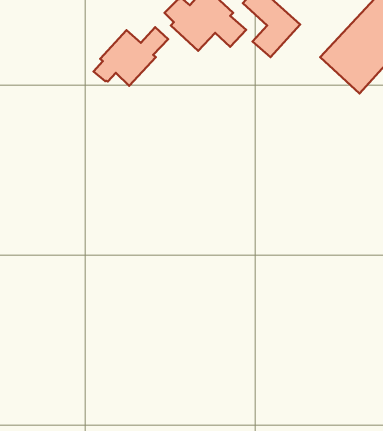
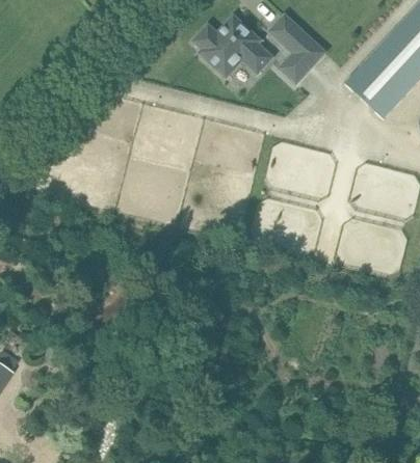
building: [94,27,168,86] -> none

